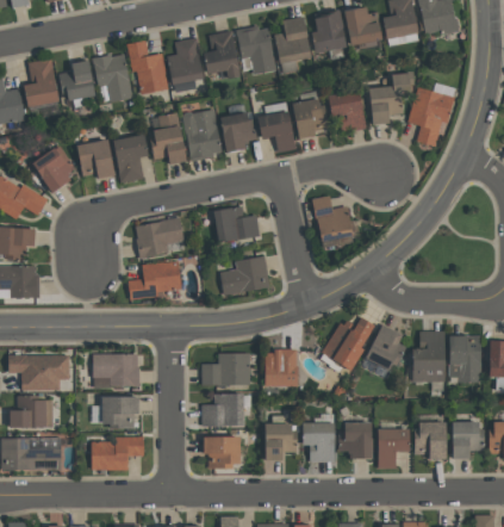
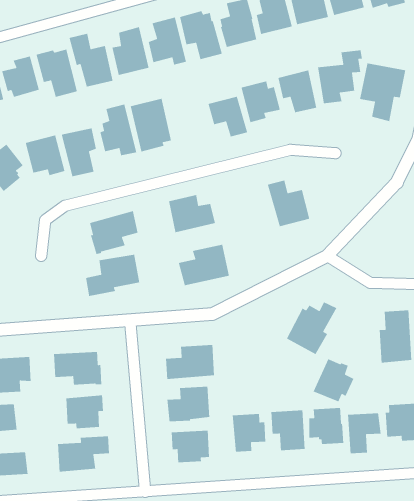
building: [220,110,257,151] -> none
building: [365,326,406,370] -> [313,358,354,402]
building: [266,348,298,386] -> none

